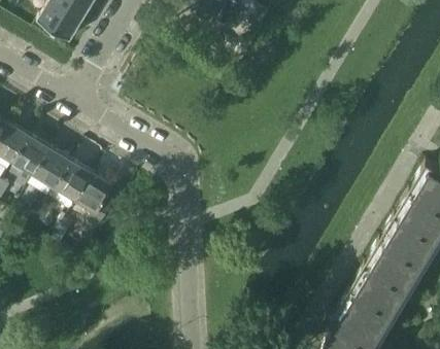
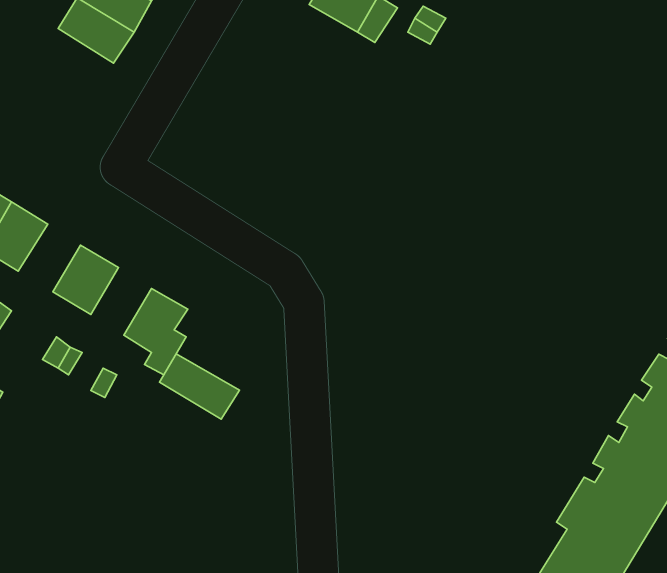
building: [14,135,52,175] -> none
building: [58,161,94,201] -> none
building: none -> [159,354,239,419]

